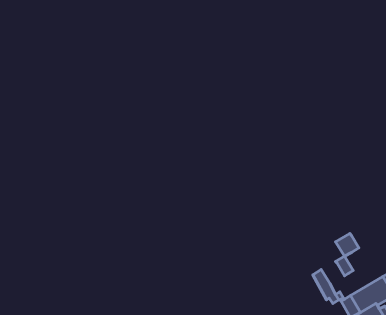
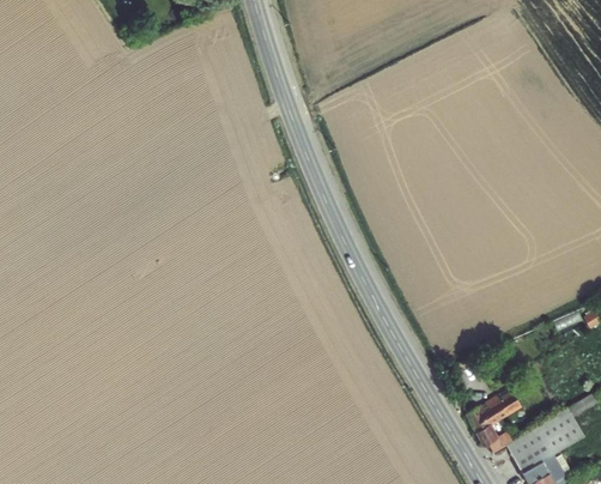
building: [335,234,359,256] -> [480,394,511,424]

